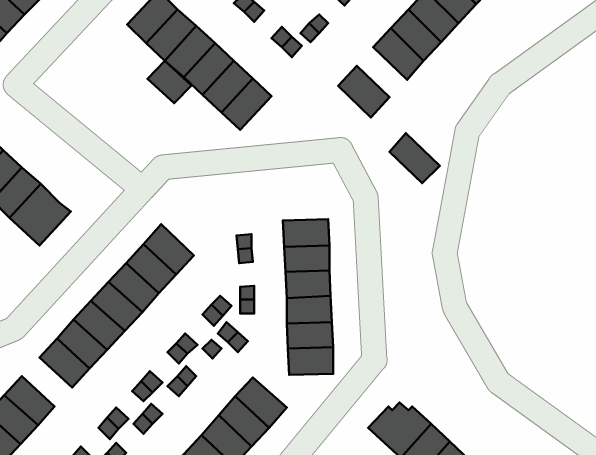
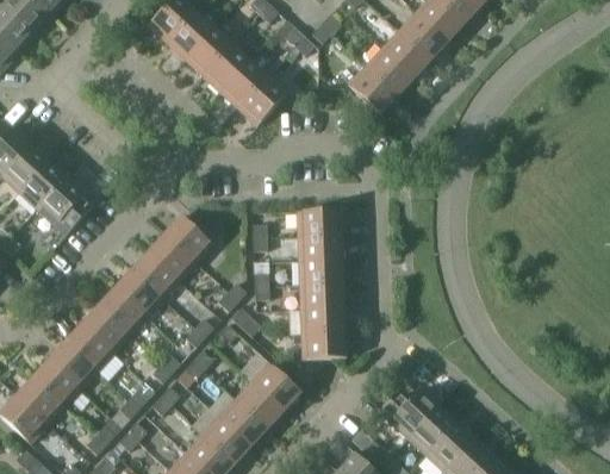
building: [148,61,192,103] -> none
building: [390,133,440,183] -> [366,46,413,94]
building: none -> [48,341,95,387]

